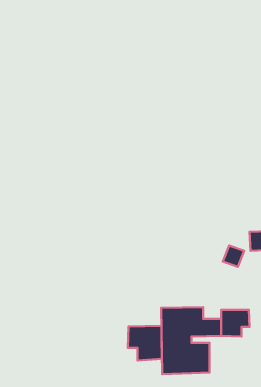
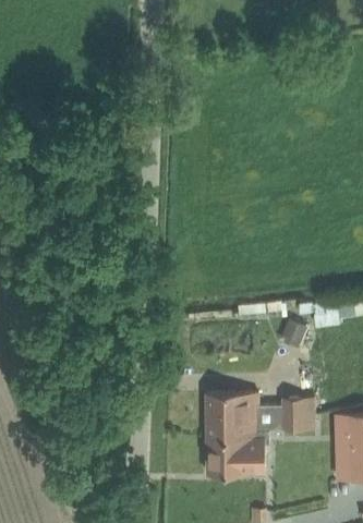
building: [128,326,162,360] -> none

